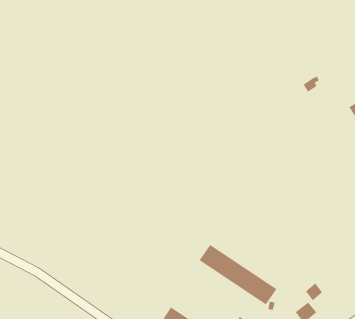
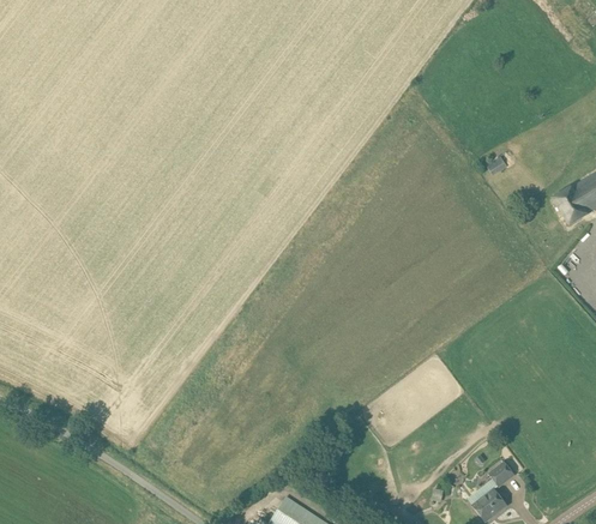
building: [199,244,277,305] -> none

